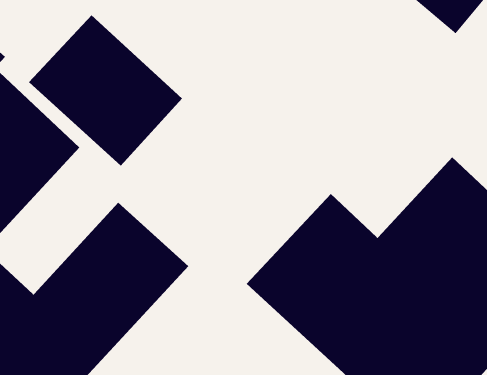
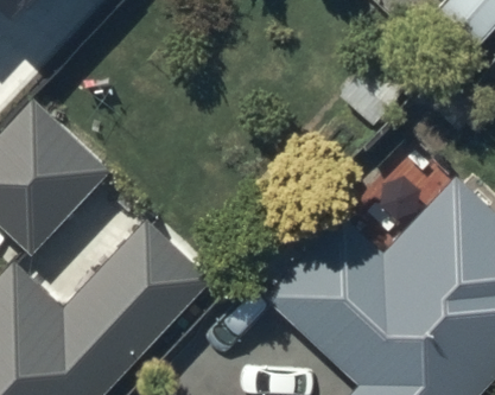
building: [28,14,183,167] -> none

